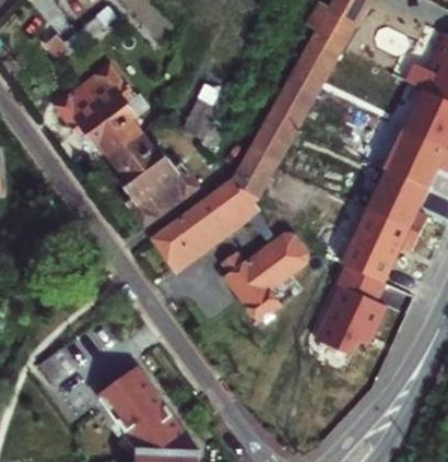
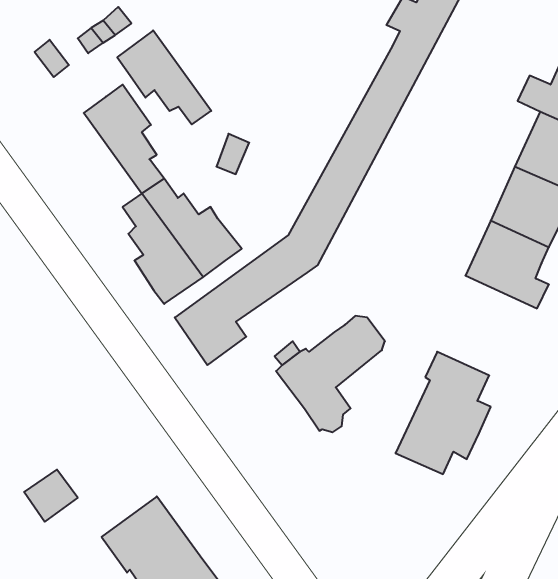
building: [59,87,128,156] -> [117,30,211,124]
building: [197,204,276,251] -> none
building: [340,206,417,280] -> none

